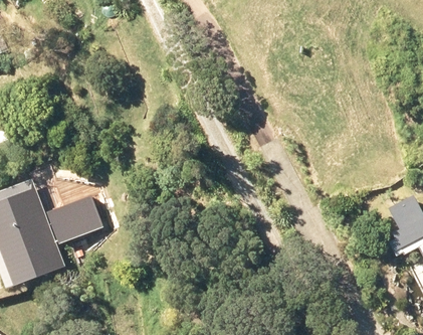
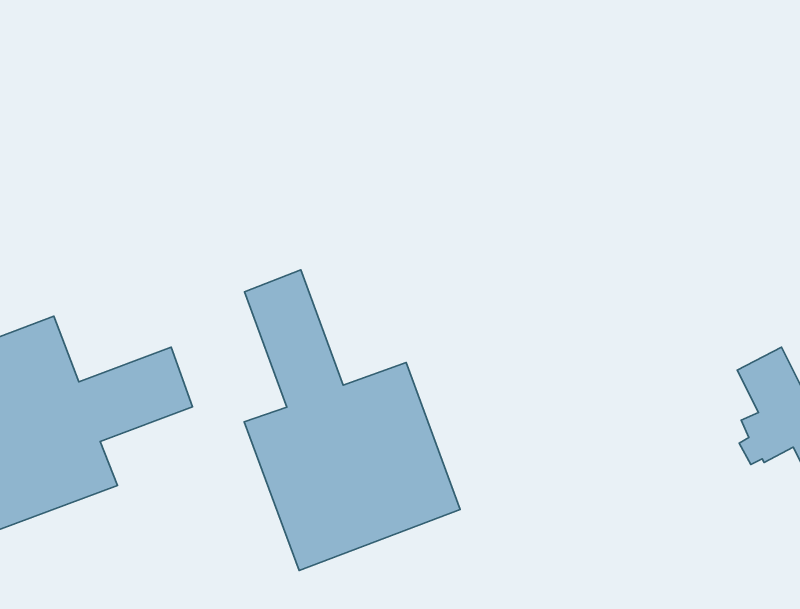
building: none -> [244,270,460,571]

